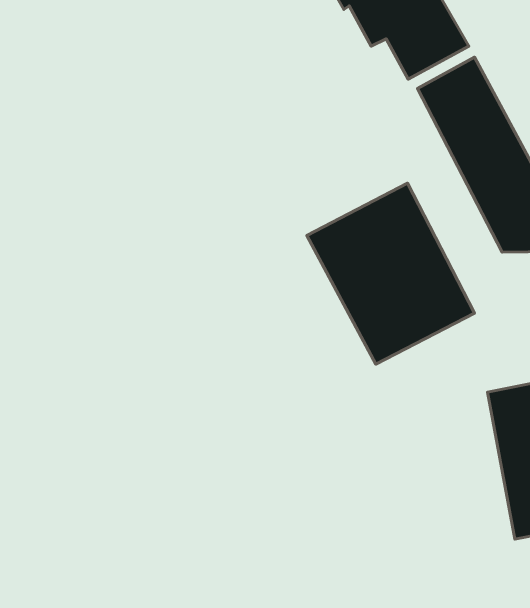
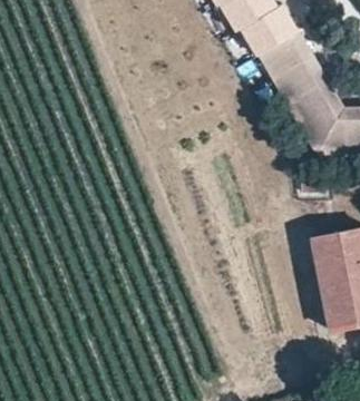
building: [307,183,475,364] -> none

